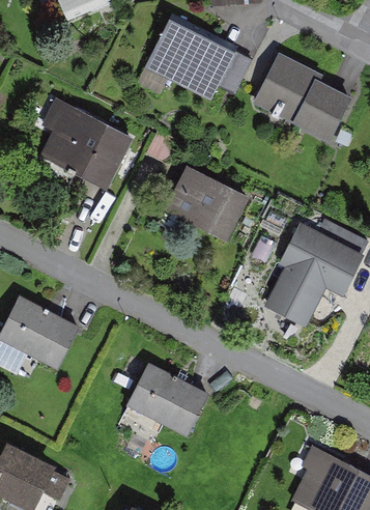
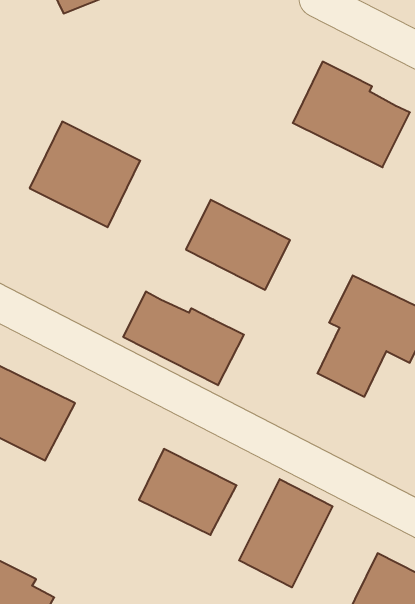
building: [133,18,249,100] -> none
building: none -> [123,291,244,385]
building: none -> [239,479,333,587]

